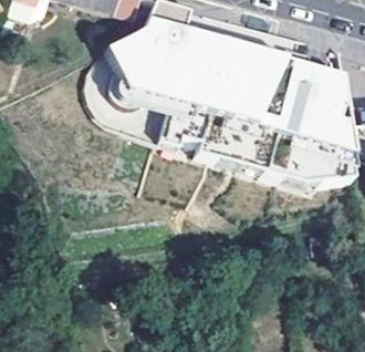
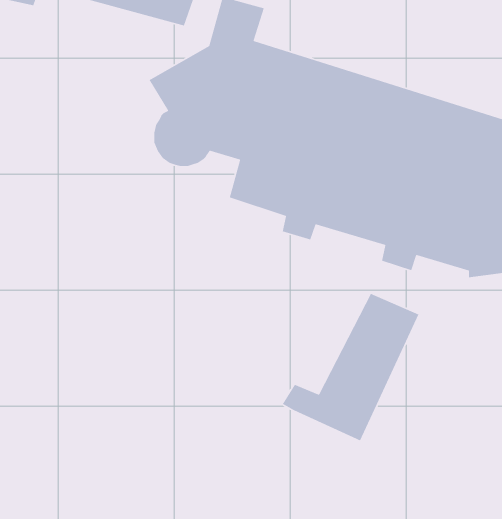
building: none -> [282,293,420,441]

